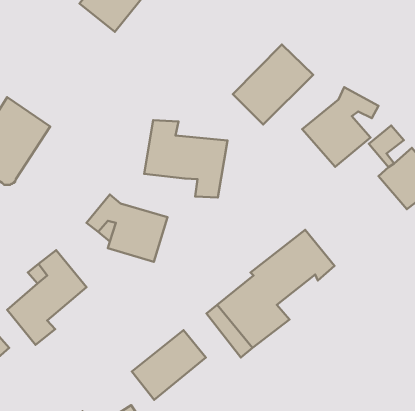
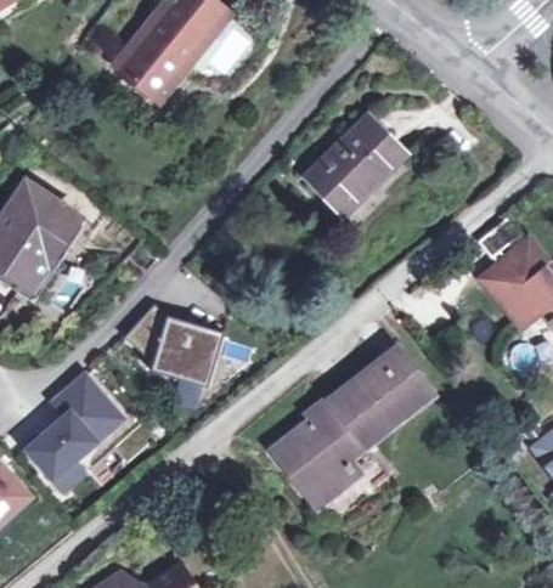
building: [302,87,378,167] -> none
building: [144,120,227,198] -> none
building: [132,330,206,400] -> none

